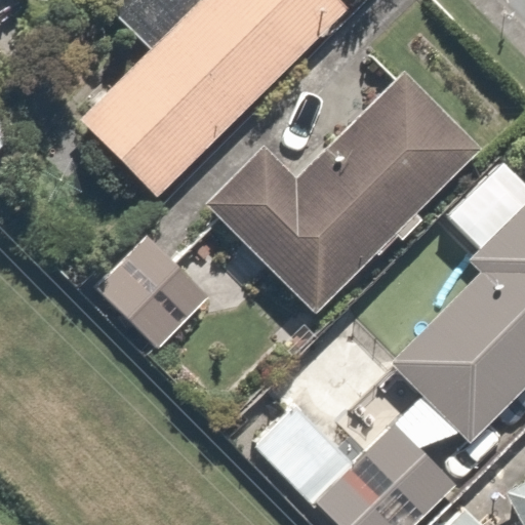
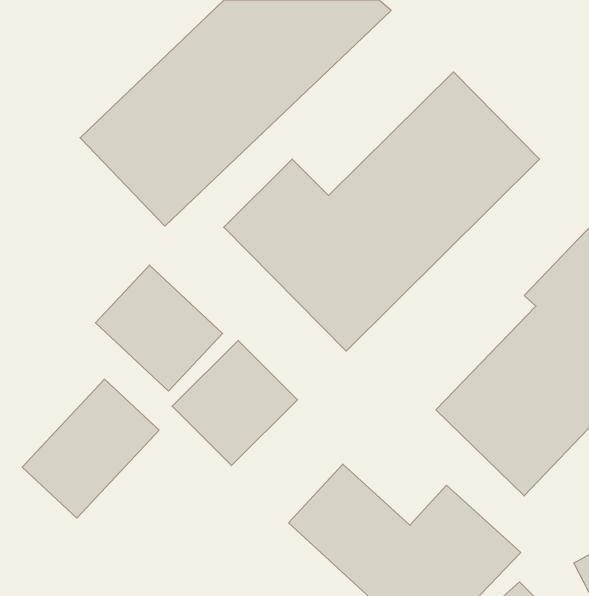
building: none -> [172,340,298,466]
building: none -> [22,379,159,518]

